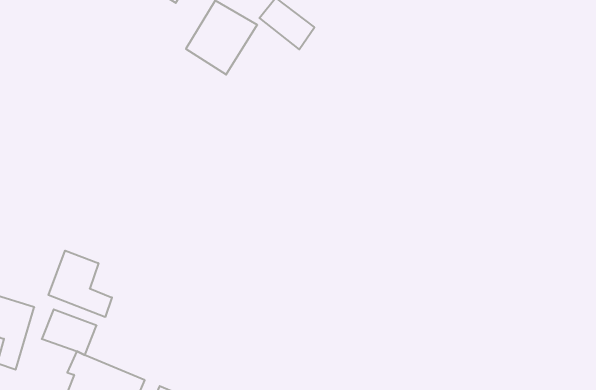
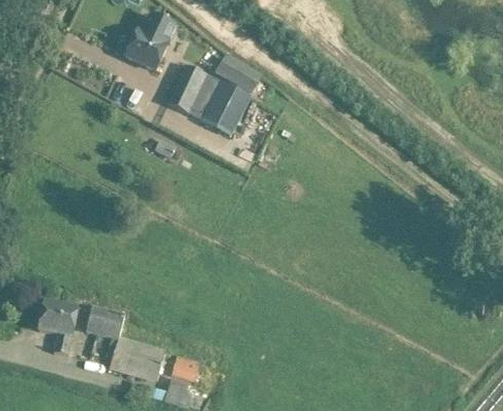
building: none -> [203,82,248,133]
building: [48,251,112,317] -> none

